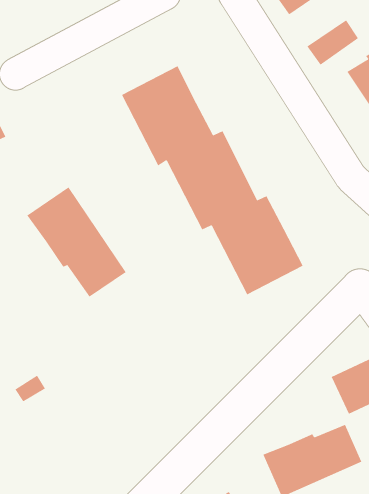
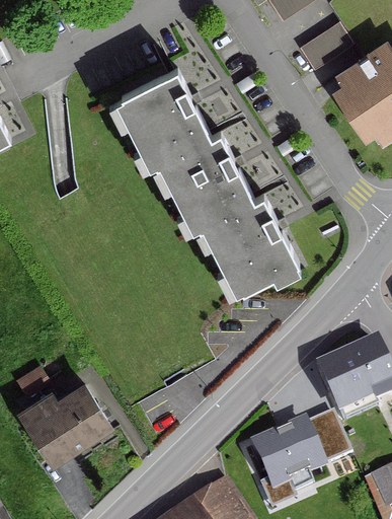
building: [26,186,127,297] -> none
building: none -> [18,385,105,461]

